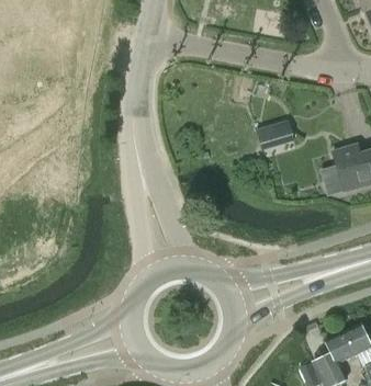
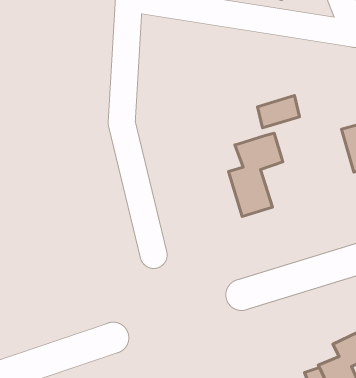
building: none -> [229,133,283,217]

